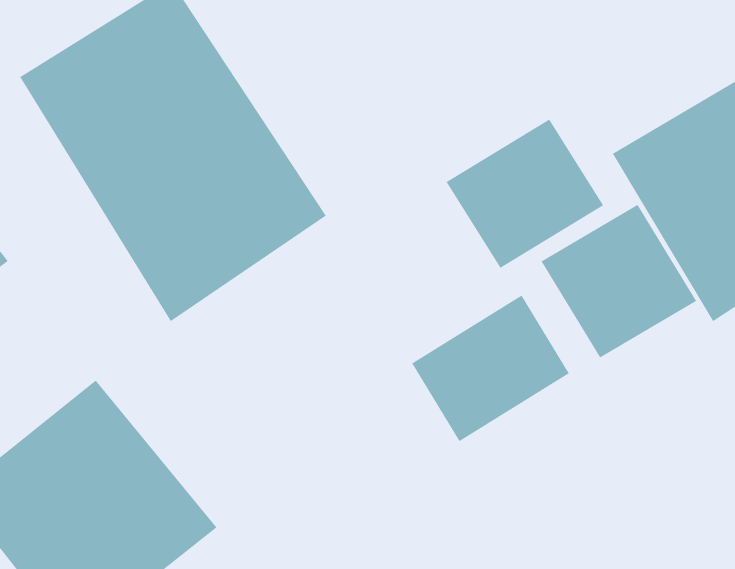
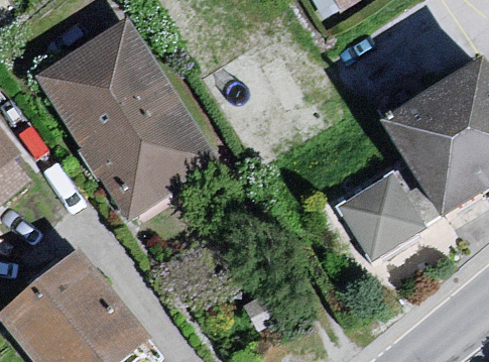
building: [445,119,604,269] -> none
building: [411,294,570,442] -> none

